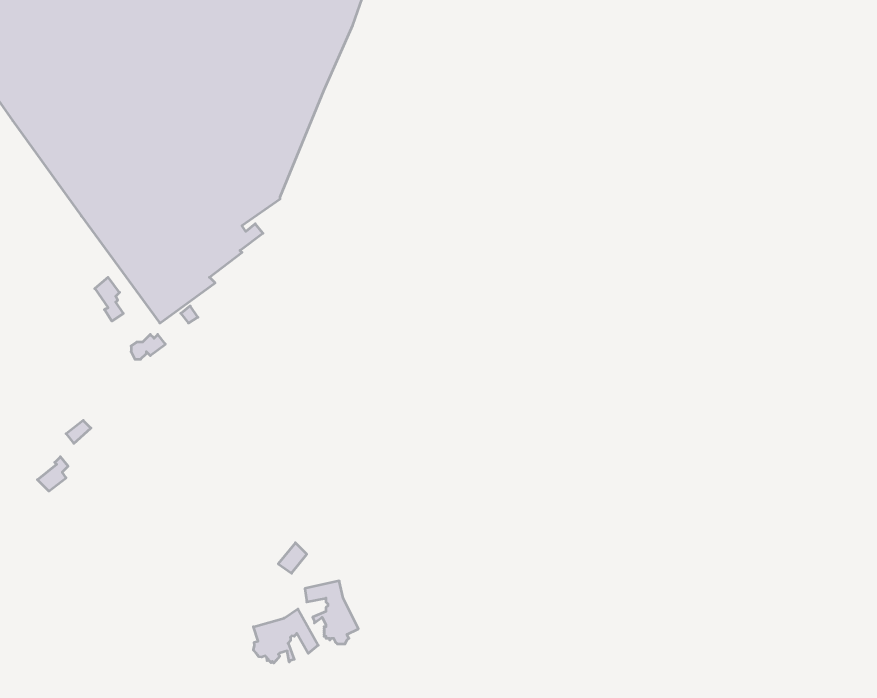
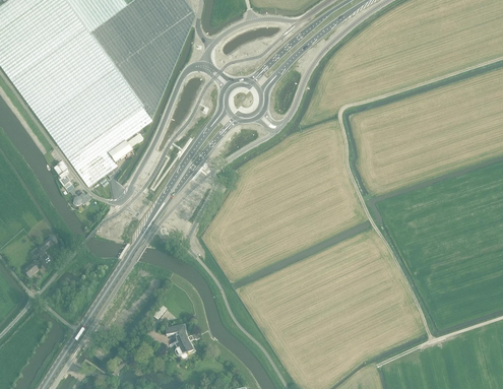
building: [253,609,318,663] -> none

